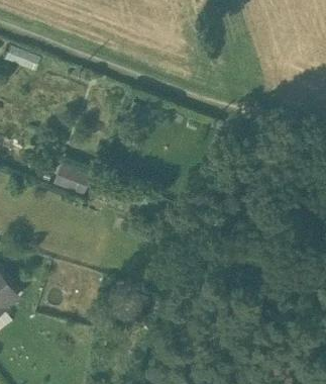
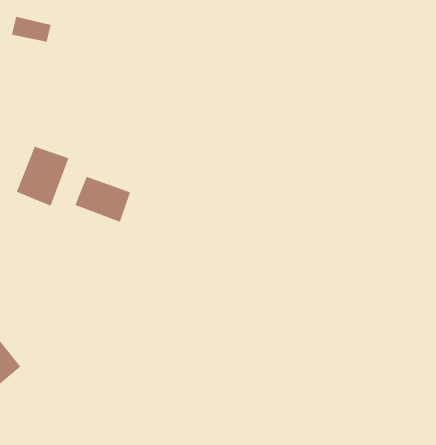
building: none -> [16,146,69,207]

